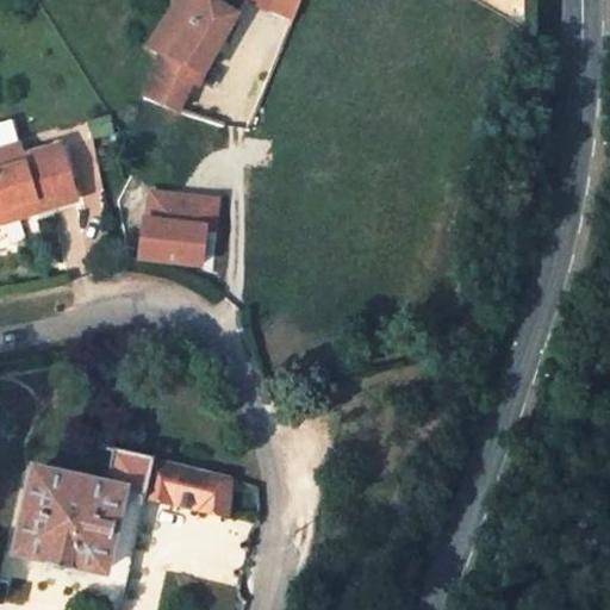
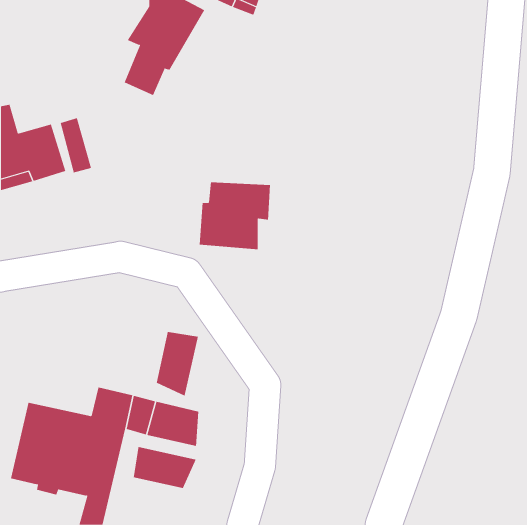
building: [135,188,218,267] -> [199,182,271,250]
building: none -> [156,331,198,396]
building: none -> [133,446,197,489]

